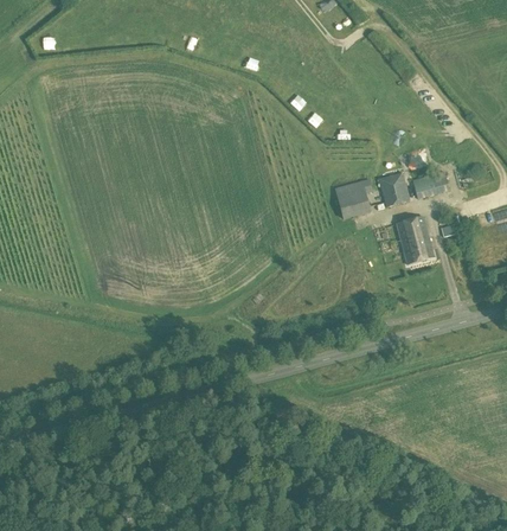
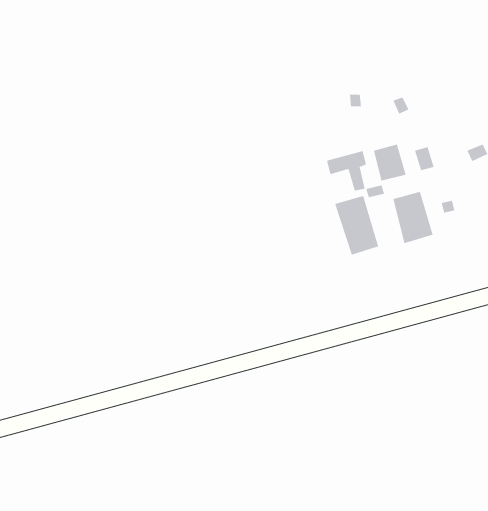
building: none -> [335,195,379,255]

